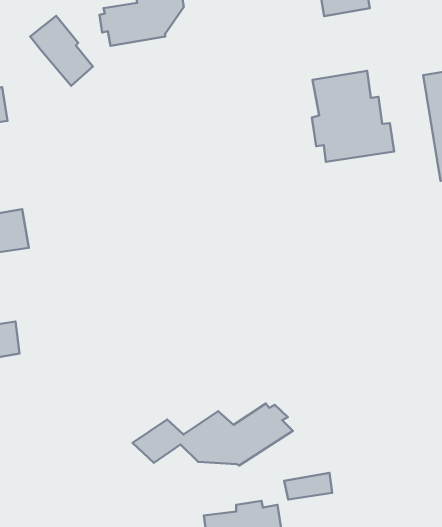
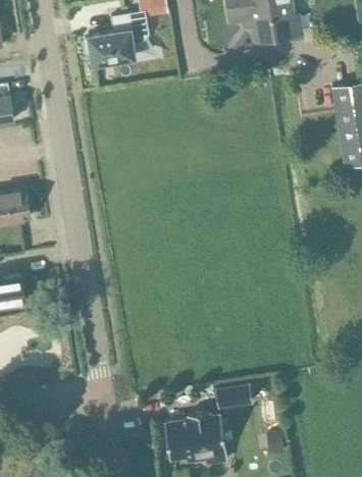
building: [30,16,93,86] -> none
building: [312,71,394,162] -> none
building: [133,404,293,466] -> none

